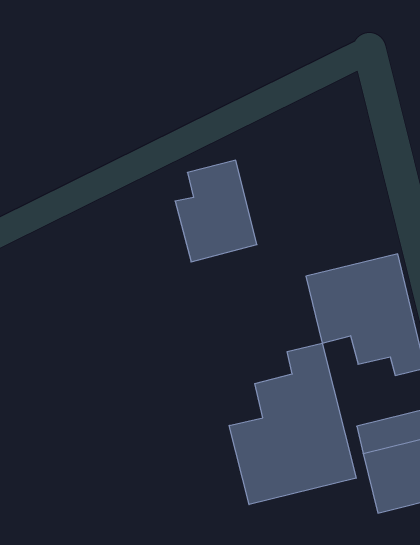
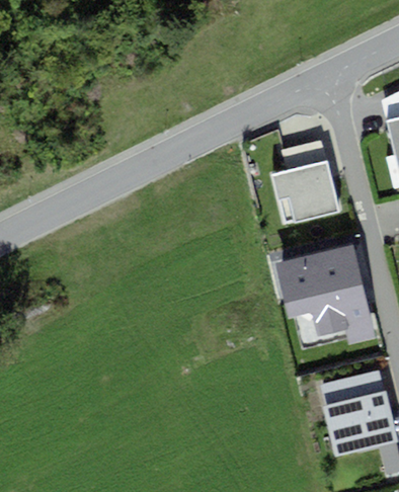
building: [175,160,257,262] -> [271,140,338,223]
building: [229,343,356,505] -> none

